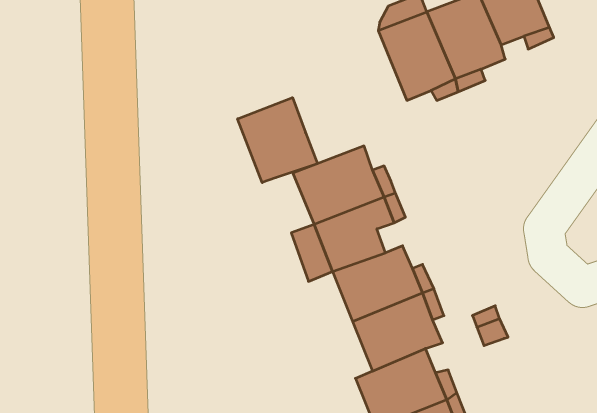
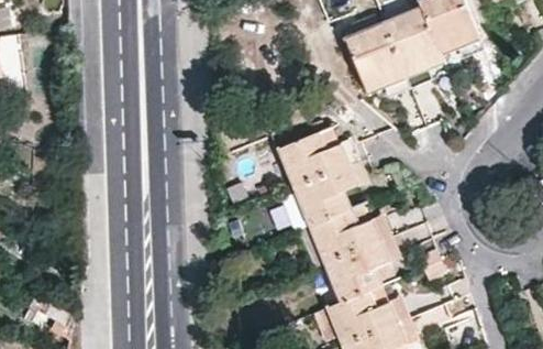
building: [238,98,317,183] -> none

